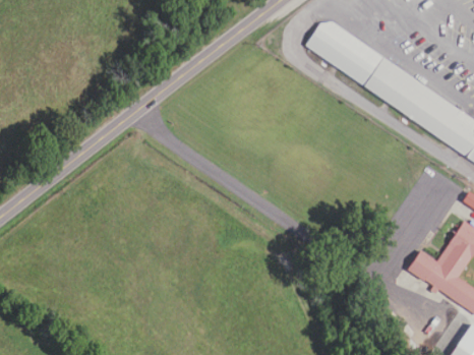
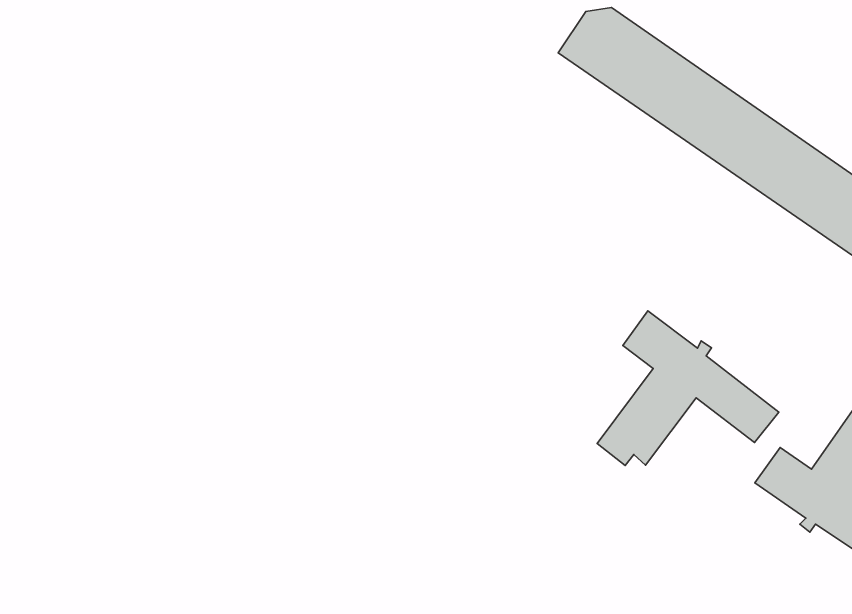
building: none -> [597,311,779,465]

